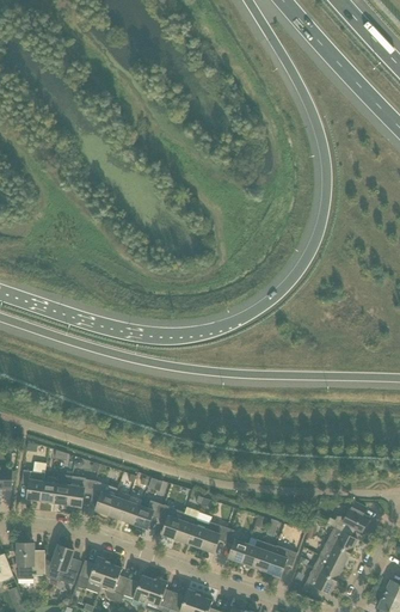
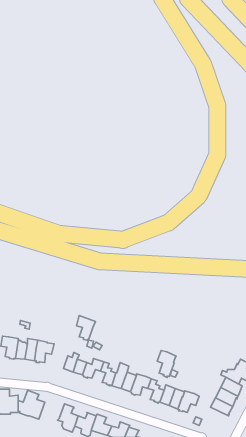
building: [90,481,116,515] -> [76,315,95,340]
building: none -> [157,350,176,378]
building: [74,557,107,589] -> none
building: [301,569,336,596] -> none

